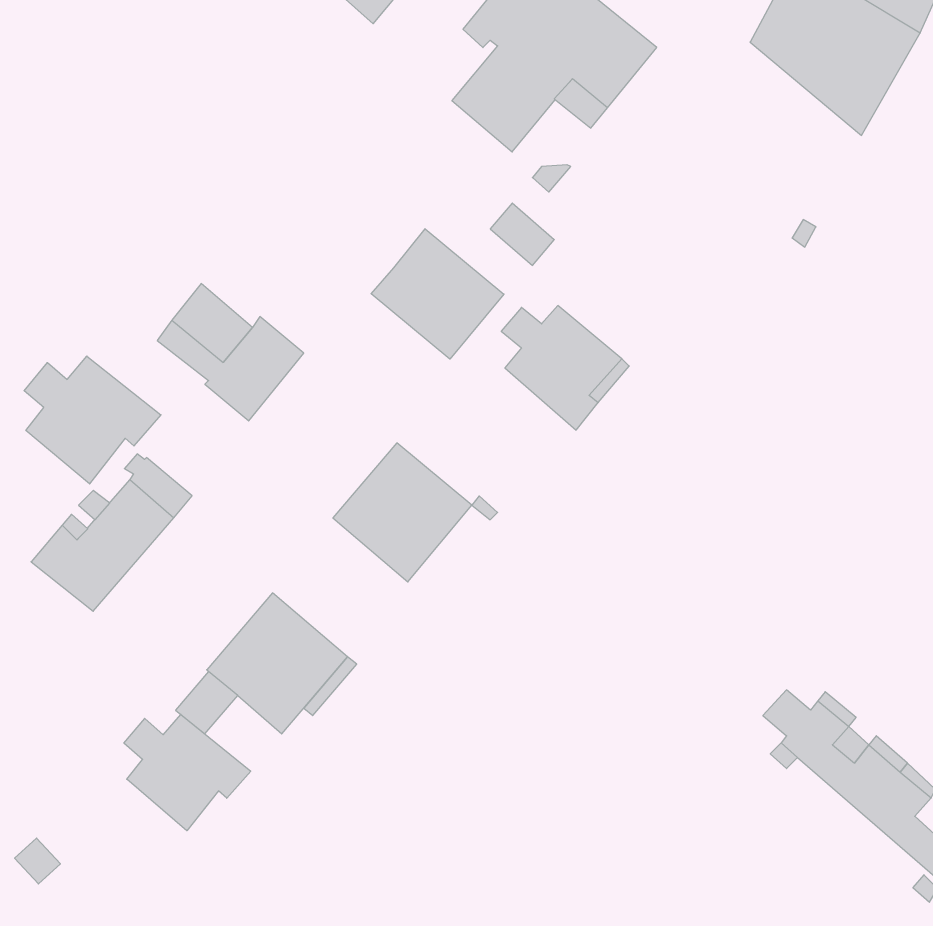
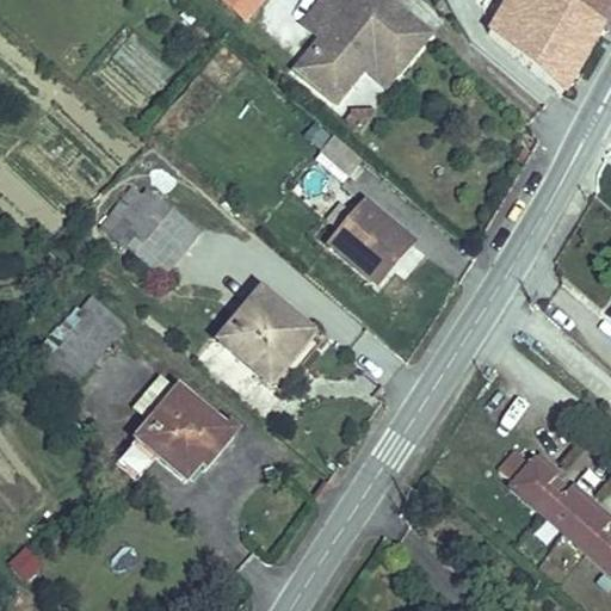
building: [371,229,504,359] -> none
building: [24,356,161,484] -> none
building: [124,714,251,831] -> none

